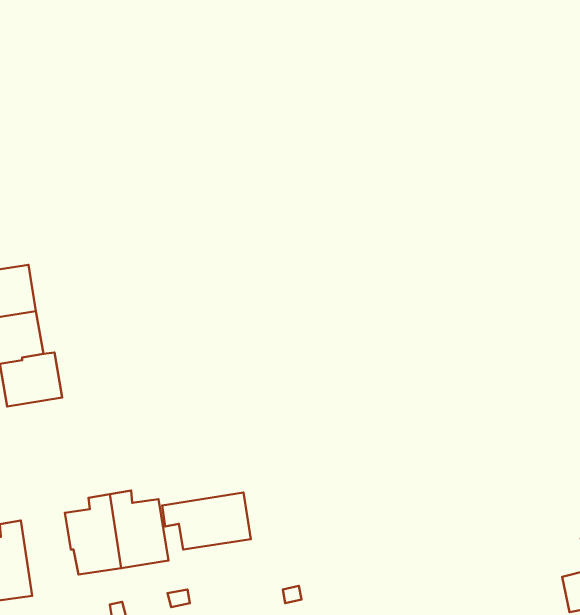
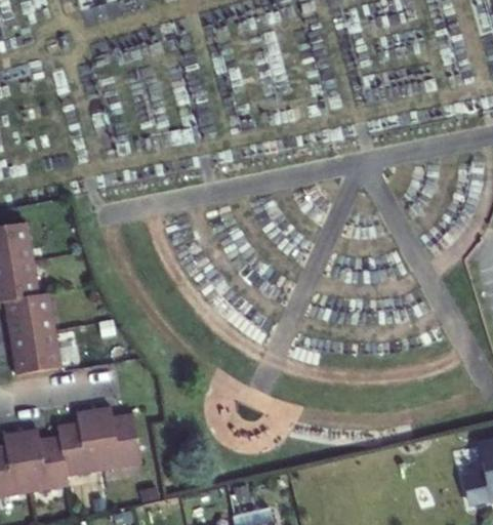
building: none -> [9,330,60,375]
building: [162,492,251,549] -> none
building: none -> [20,429,69,492]

